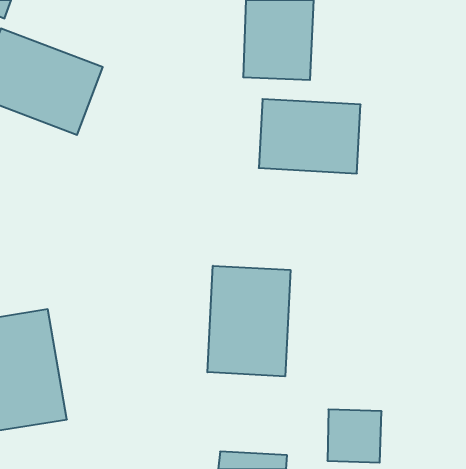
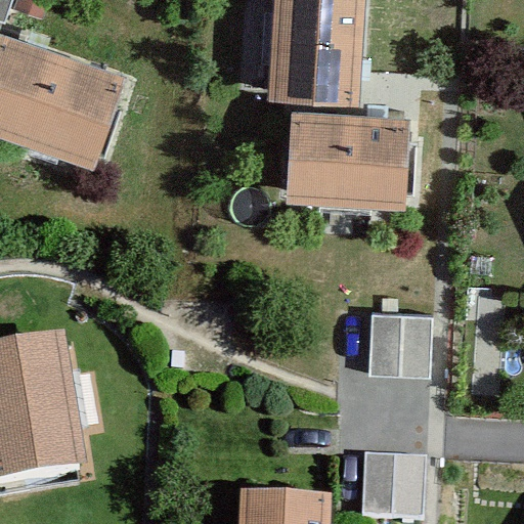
building: [207,266,290,376] -> none
building: none -> [372,312,434,375]

